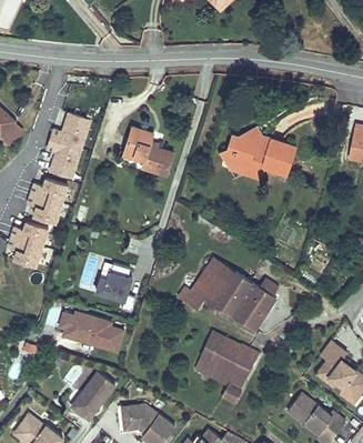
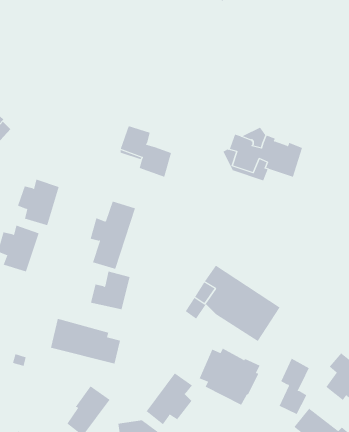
building: [47,112,90,177] -> [90,201,136,270]
building: none -> [279,358,309,415]
building: none -> [146,373,193,425]

